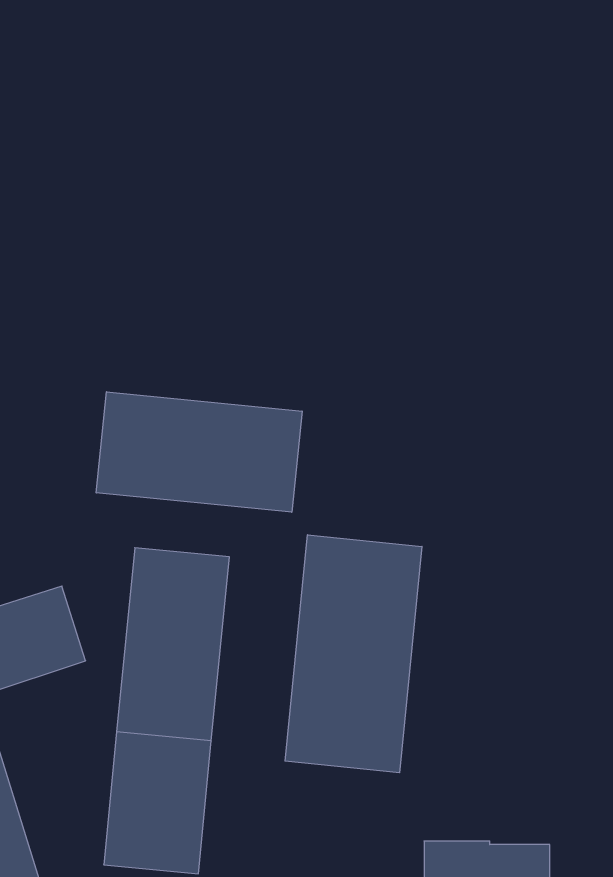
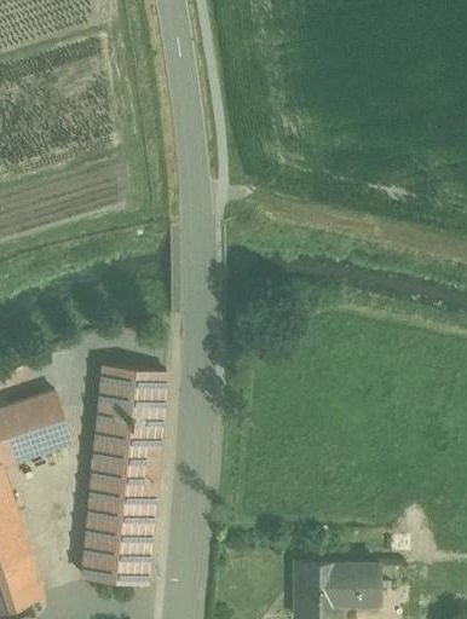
building: [96,392,302,512] -> none
building: [285,535,422,773] -> none

